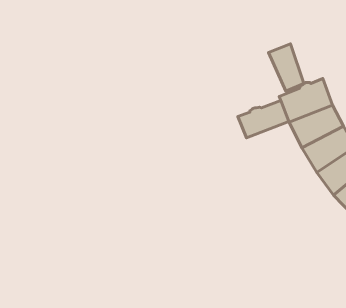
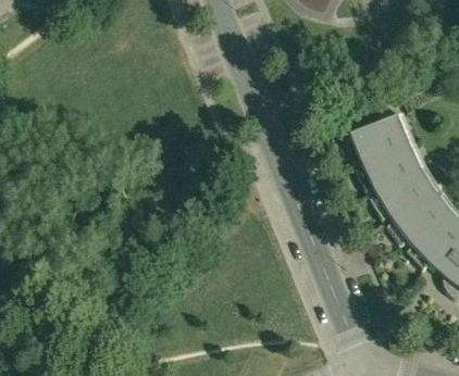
building: [268,44,304,91] -> none
building: [238,101,289,138] -> none

